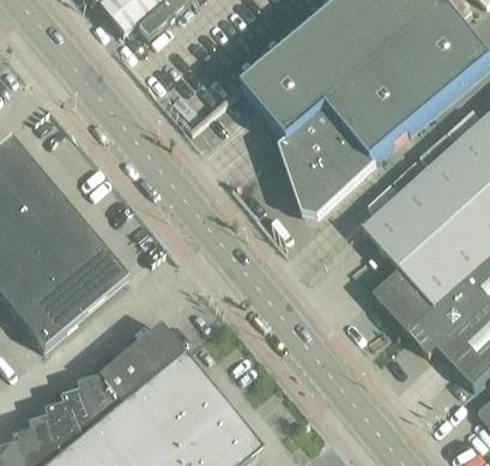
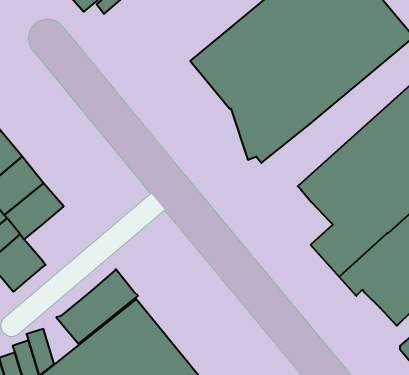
building: [55,249,123,315] -> none
building: [74,374,116,426] -> none

